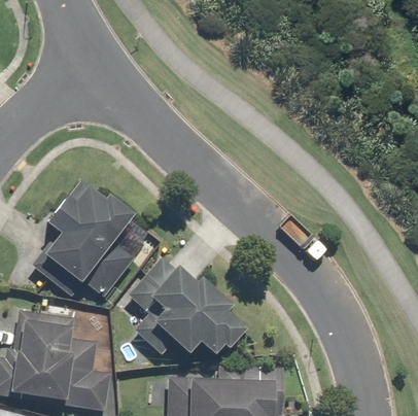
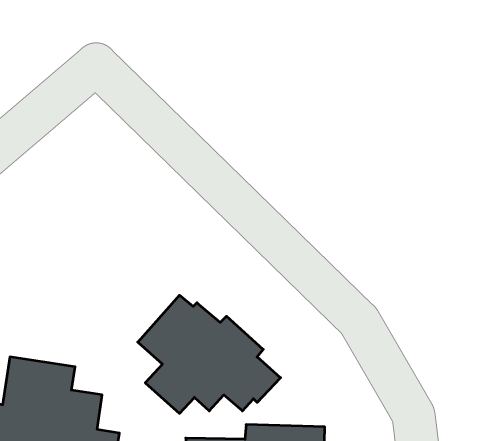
building: [33,179,136,301] -> none

